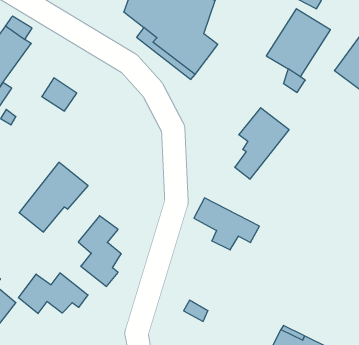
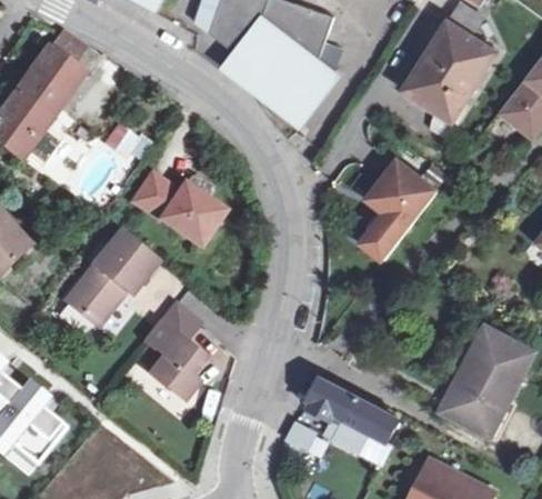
building: none -> [134,174,225,248]
building: [194,198,259,250] -> [308,377,398,448]
building: none -> [444,325,528,433]
building: [19,273,88,314] -> none

